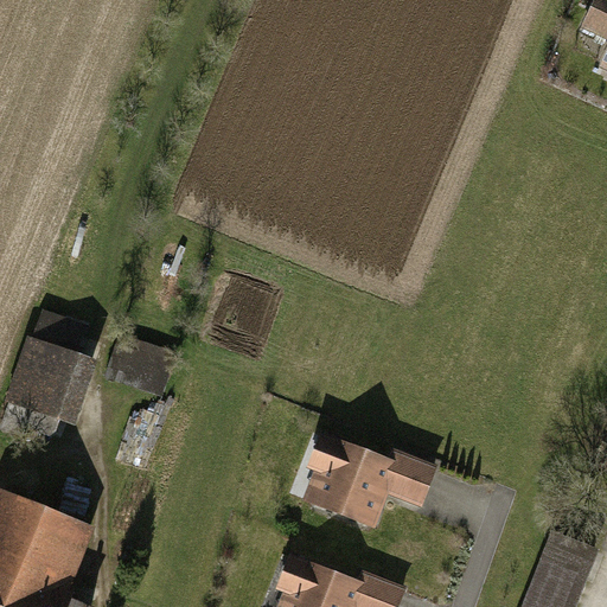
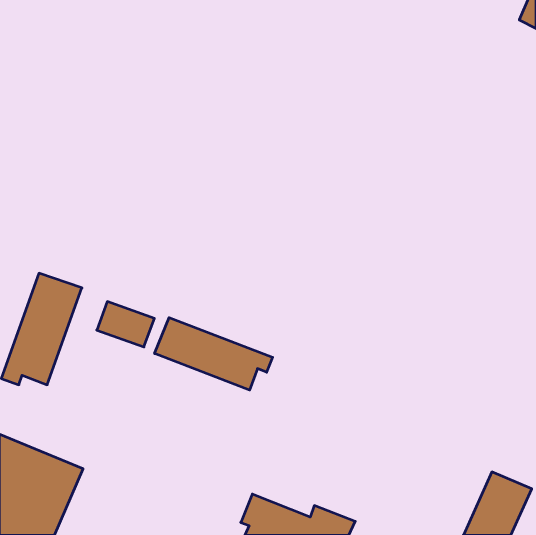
building: none -> [155,318,273,390]
building: [305,433,435,523] -> none

